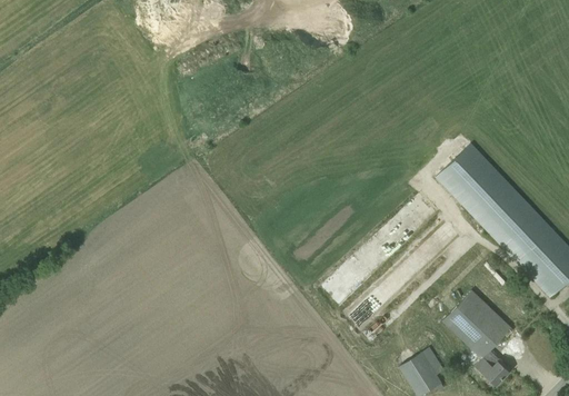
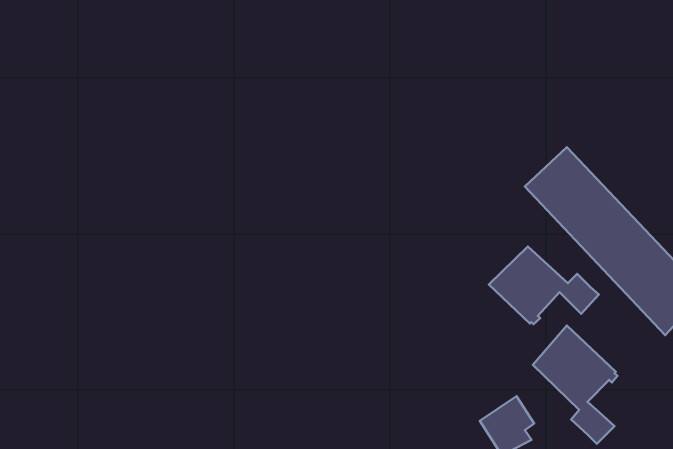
building: none -> [489,246,599,324]

